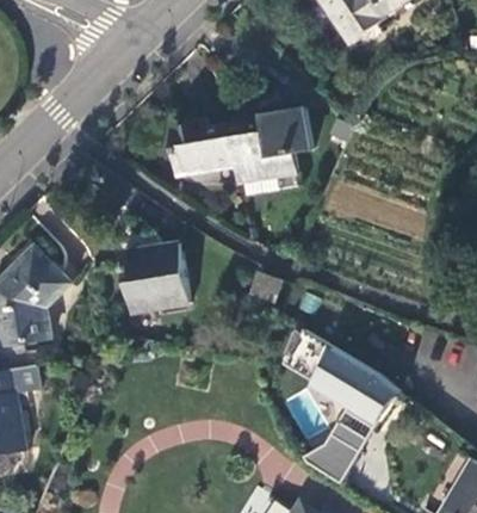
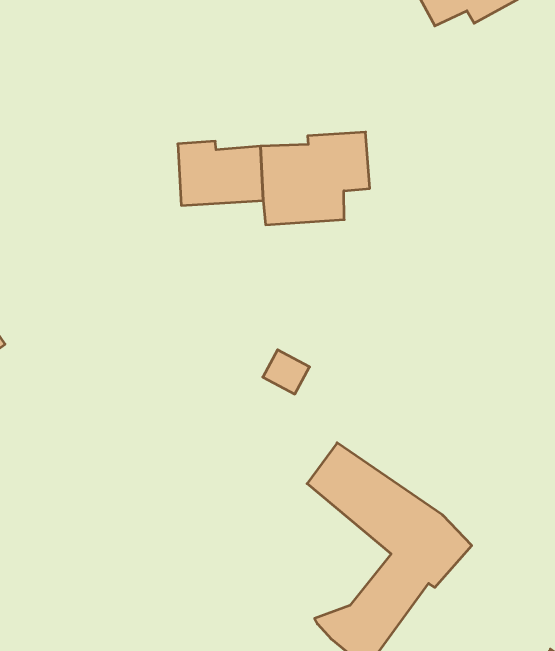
building: [120,246,188,314] -> none

